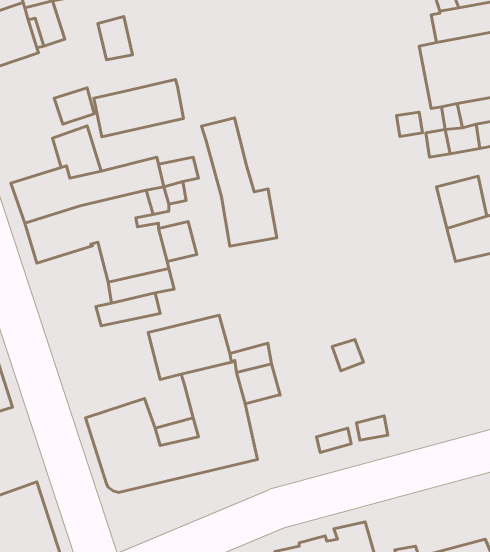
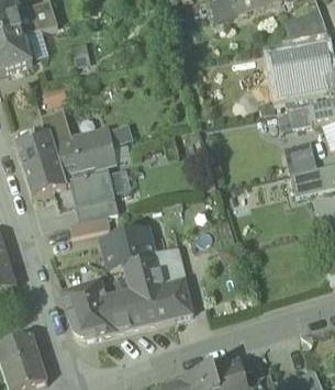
building: [94,79,184,137] -> none
building: [202,118,277,246] -> none
building: none -> [163,278,192,319]

